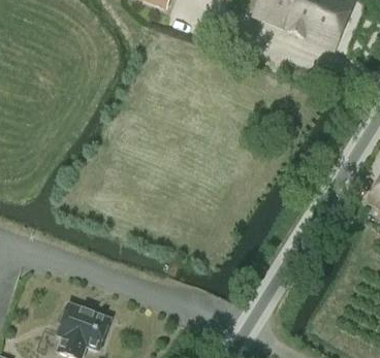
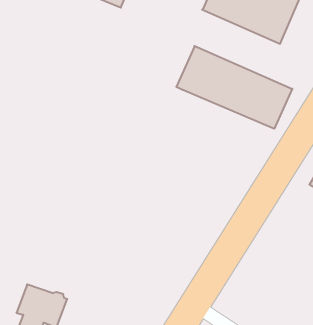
building: none -> [176,46,292,129]

